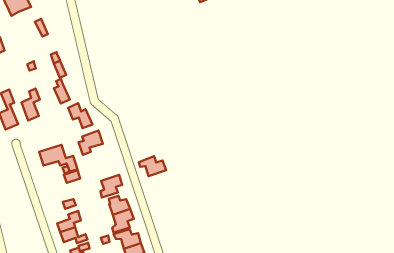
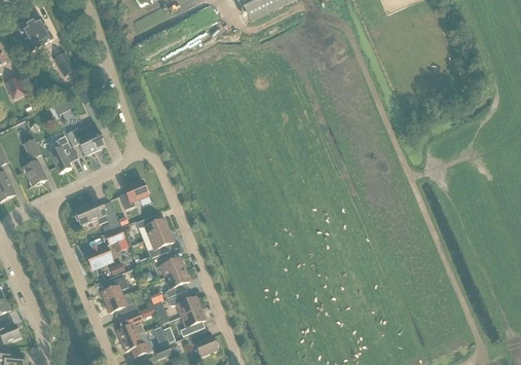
building: [68,103,93,128] -> [66,126,96,155]
building: [139,156,166,176] -> [137,214,170,238]
building: none -> [85,244,110,268]

